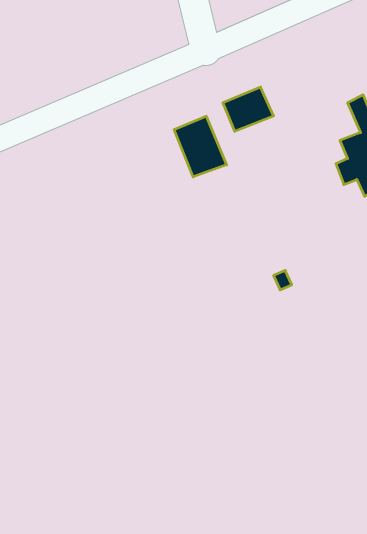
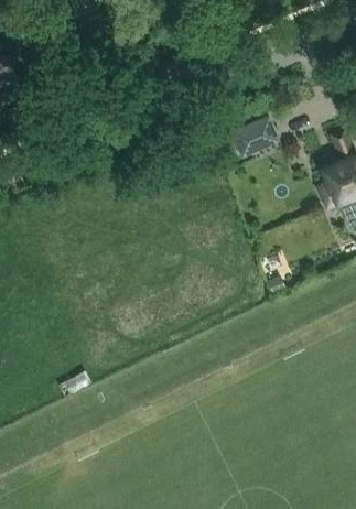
building: [174,116,227,177] -> none

